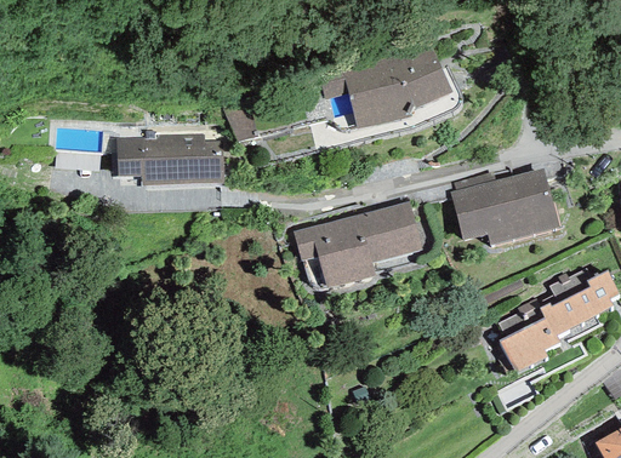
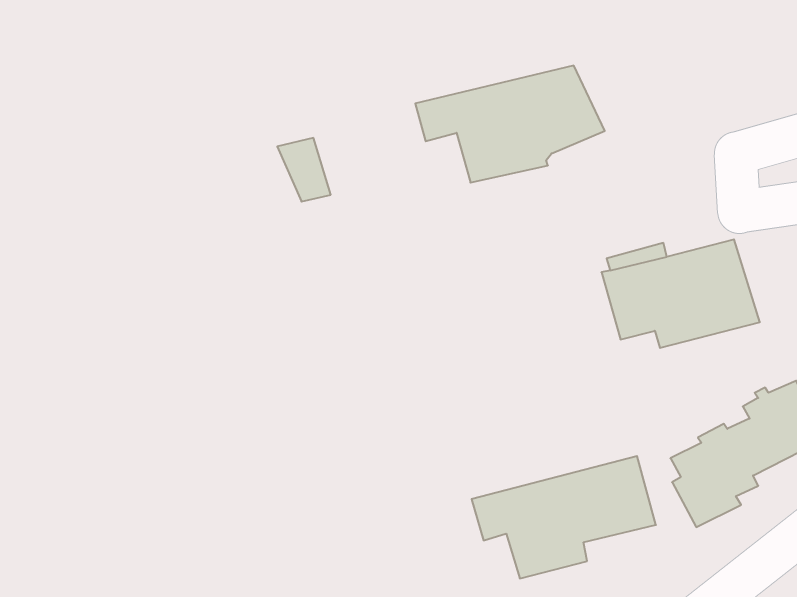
building: [118,132,224,185] -> none
building: [294,202,423,288] -> [472,456,656,578]

